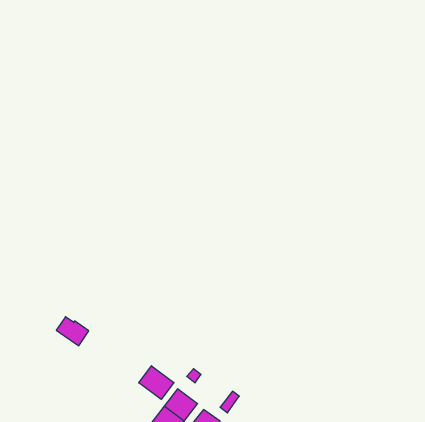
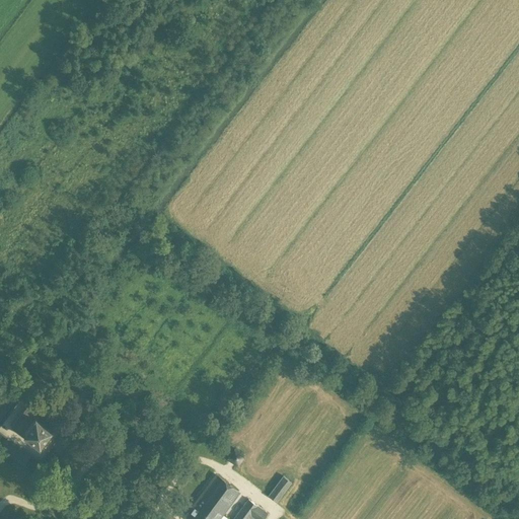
building: [56,317,89,346] -> [12,416,52,451]
building: [139,366,174,399] -> none

